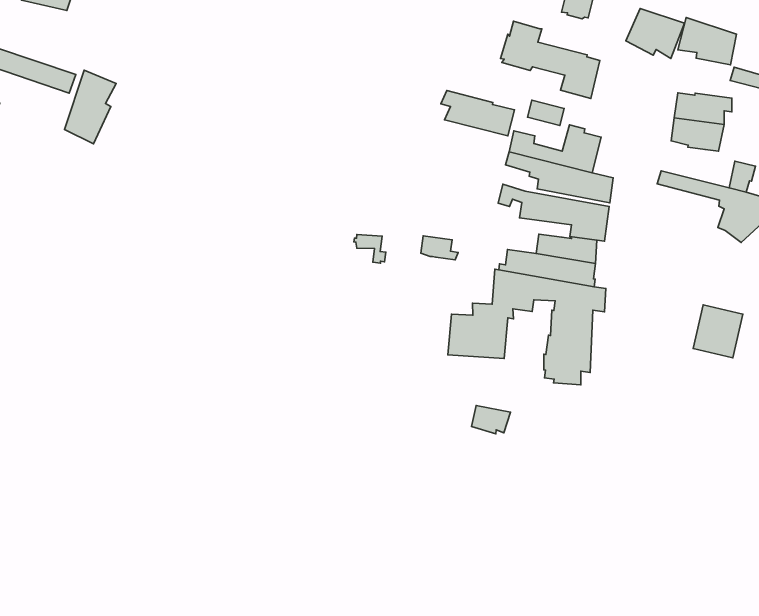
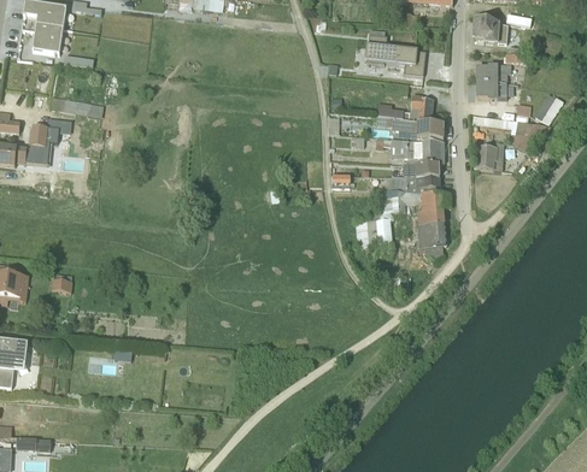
building: [626,8,685,58] -> none
building: [64,70,116,144] -> none
building: [441,91,514,136] -> none
building: [693,305,743,358] -> [476,140,504,170]

